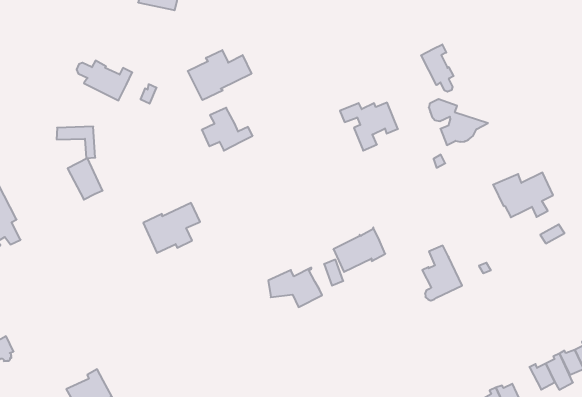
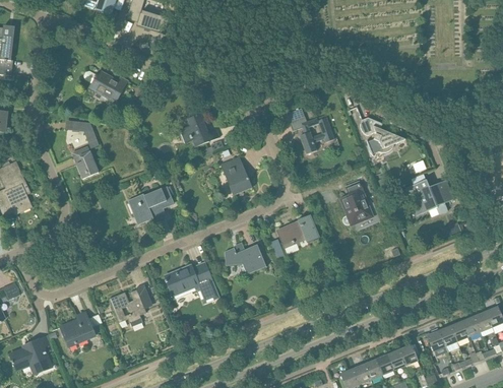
building: [421,44,454,92] -> none
building: [188,50,251,100] -> none
building: none -> [221,156,251,194]
building: [422,246,462,301] -> [340,182,371,224]
building: none -> [164,262,218,300]
building: none -> [108,283,152,326]

